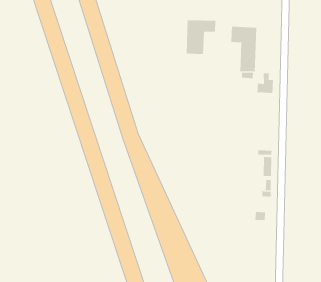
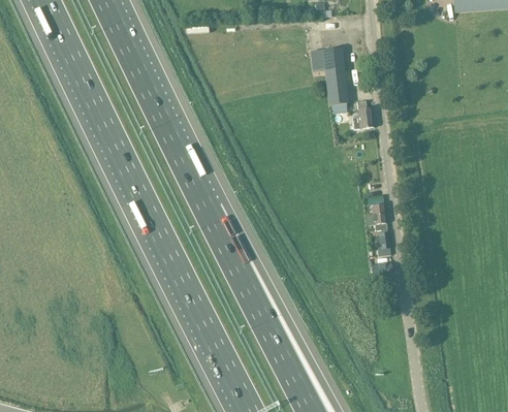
building: [186,20,216,55] -> none

